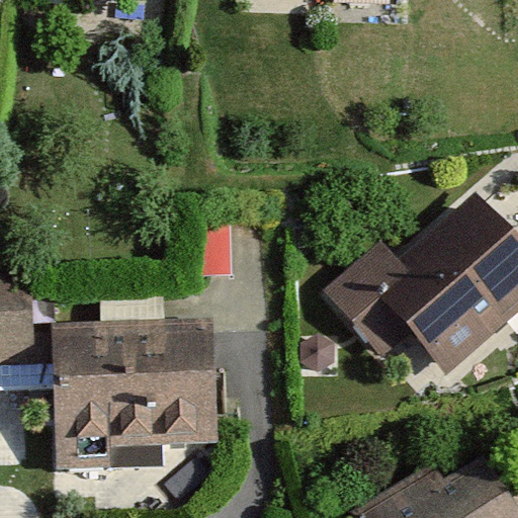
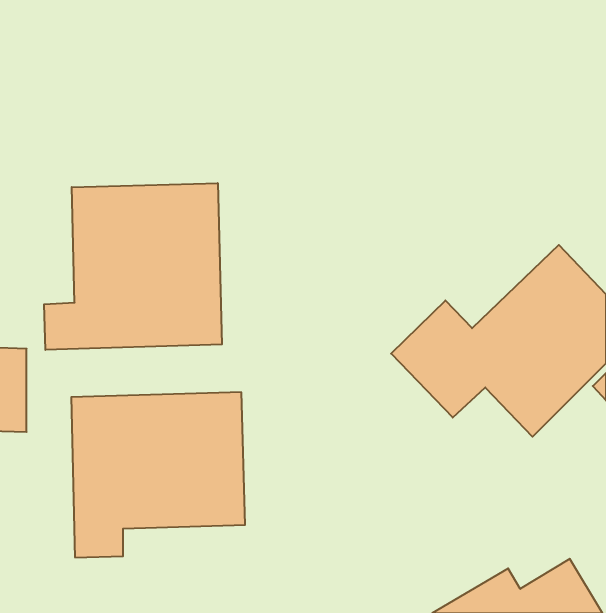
building: none -> [44,183,222,350]

